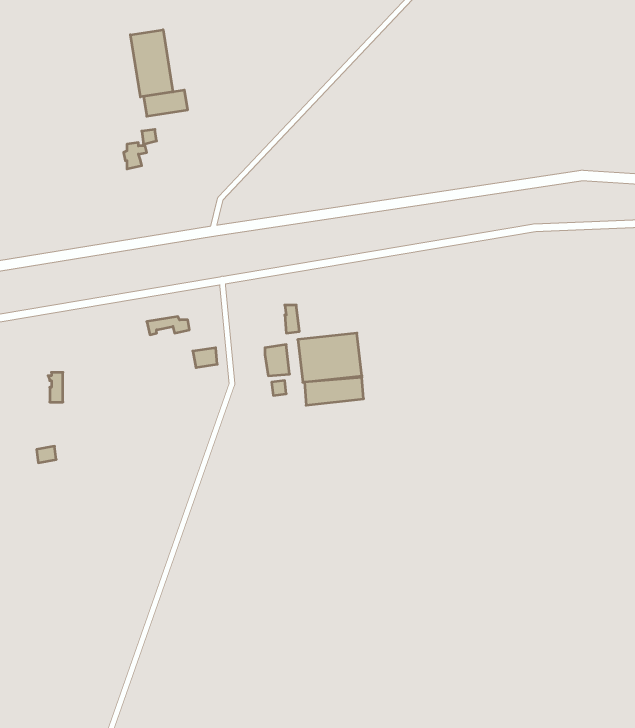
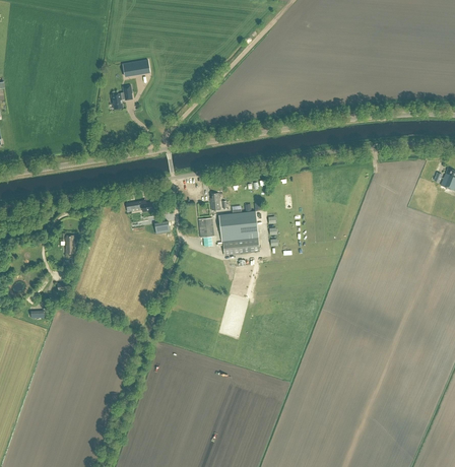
building: [130,30,173,97] -> none

